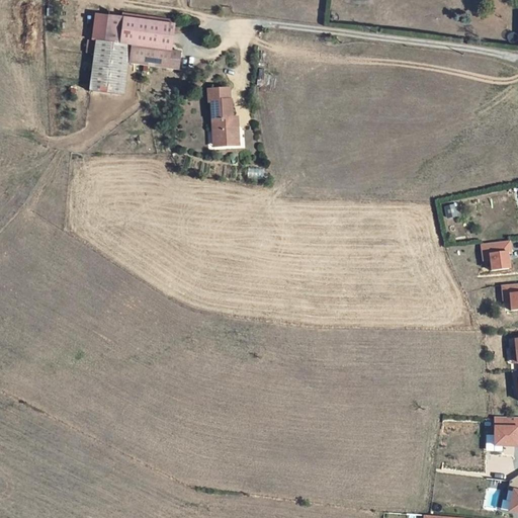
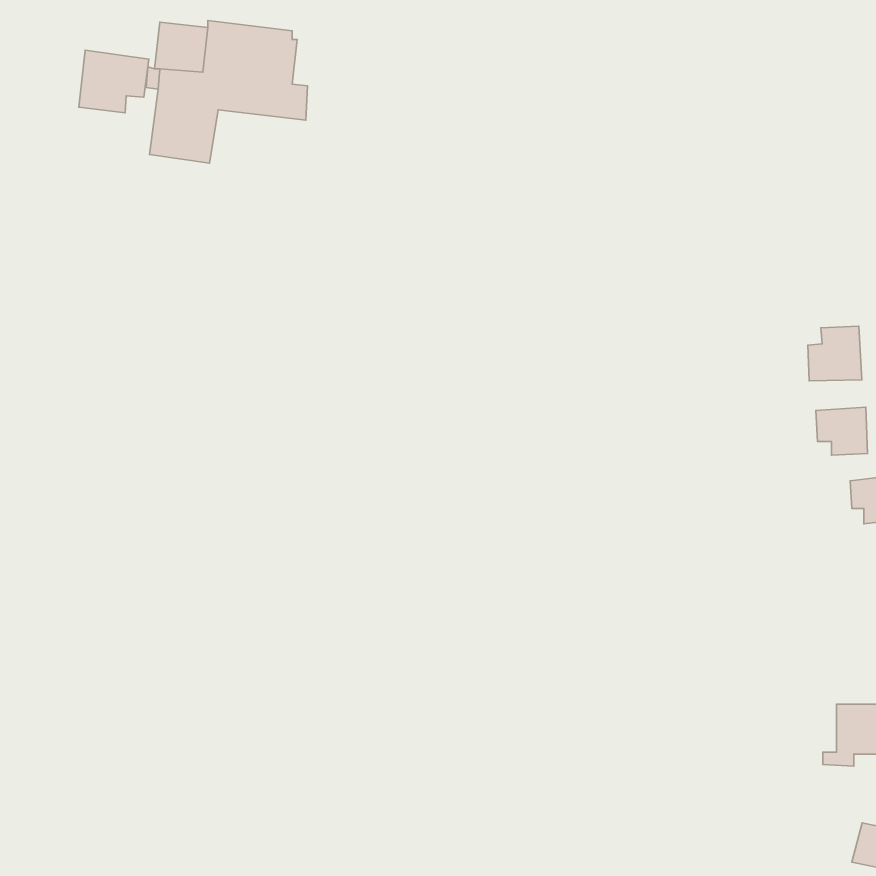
building: none -> [79,50,149,113]
building: [207,92,238,149] -> none
building: none -> [808,326,862,381]

